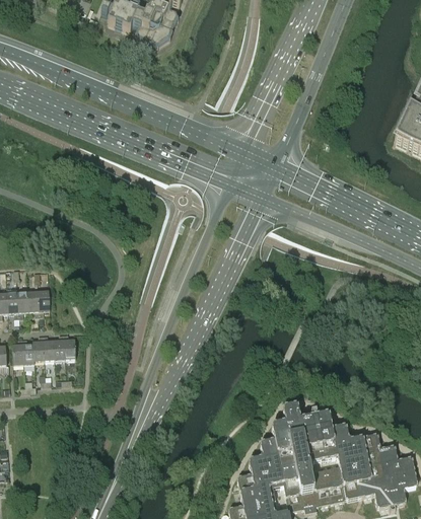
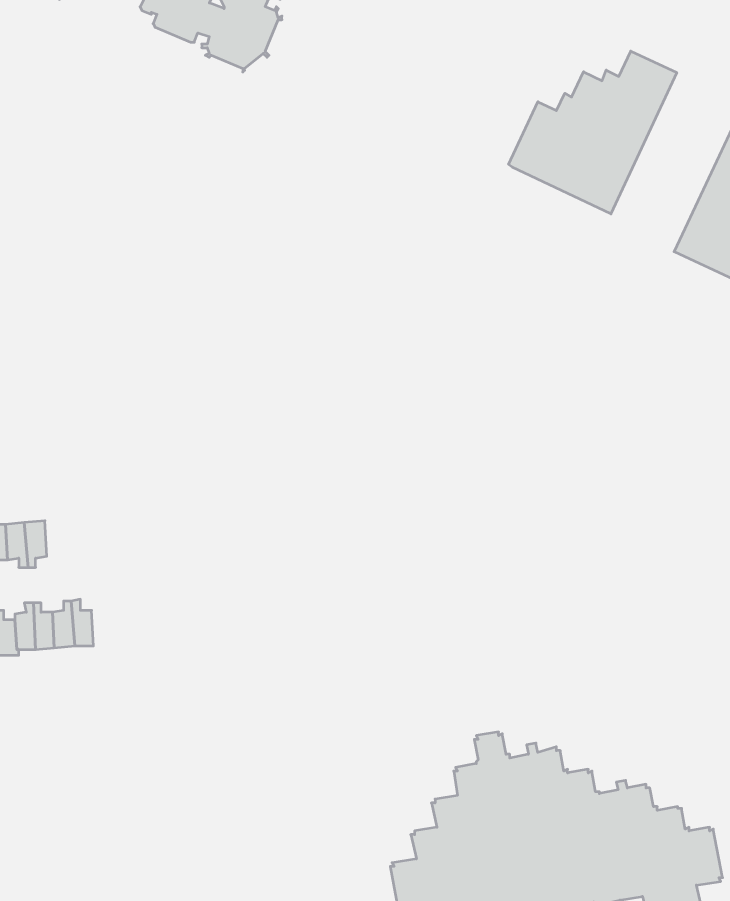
building: none -> [509,51,677,214]

